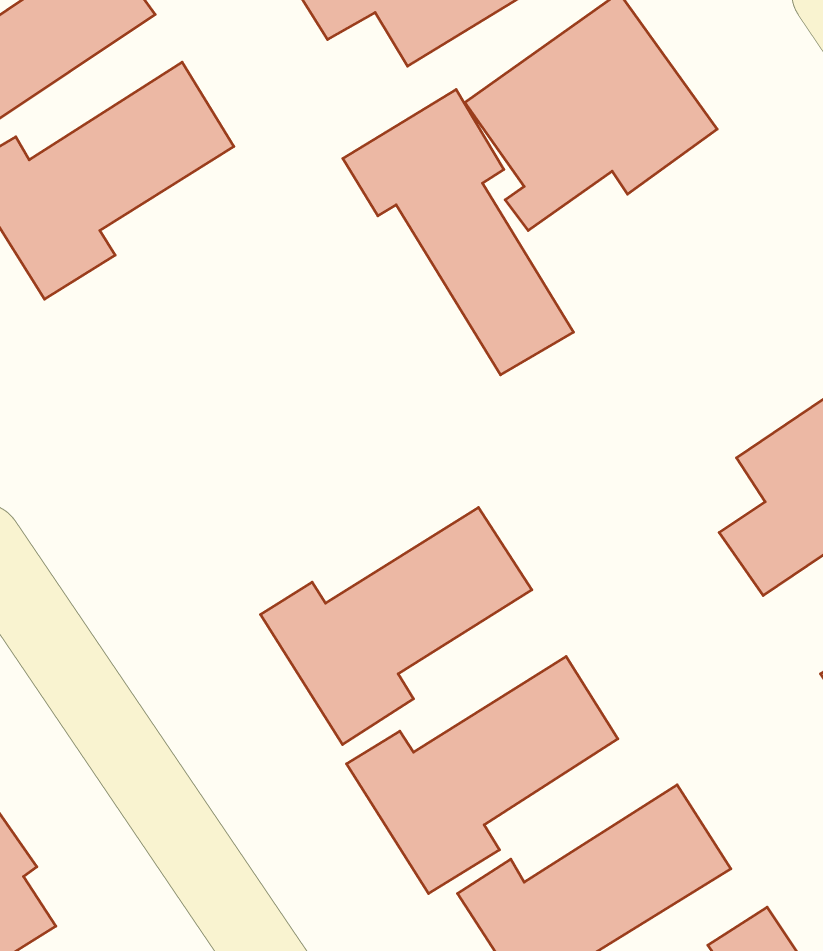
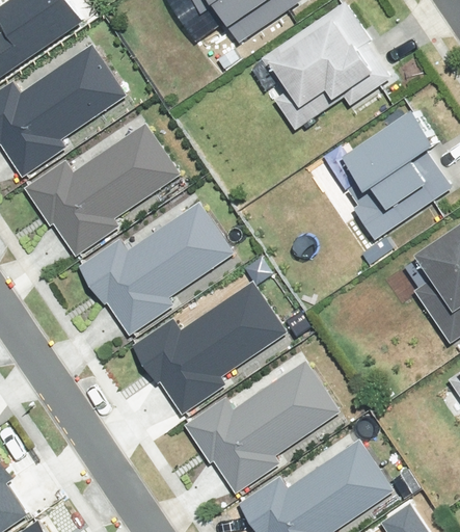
building: [343,90,574,375] -> none
building: none -> [329,118,443,245]
building: none -> [31,131,180,260]
building: none -> [90,208,239,338]

